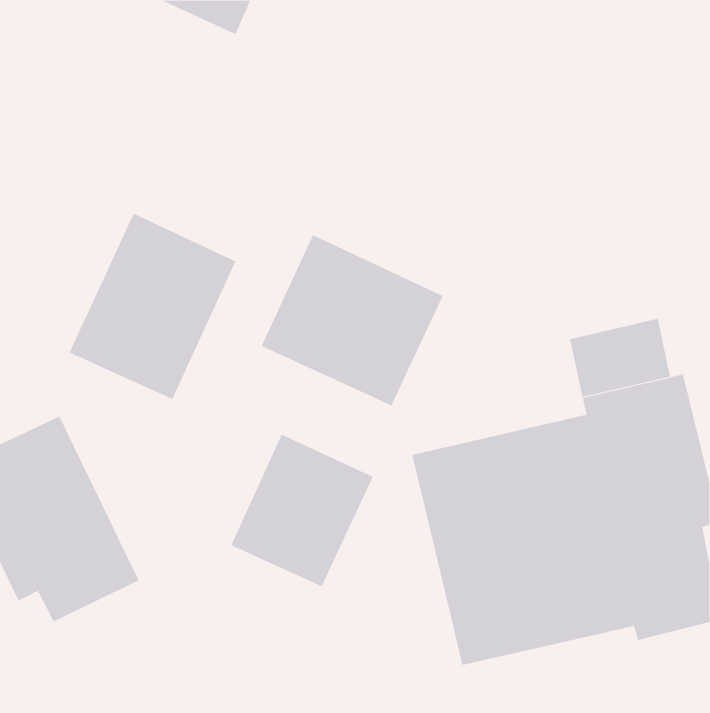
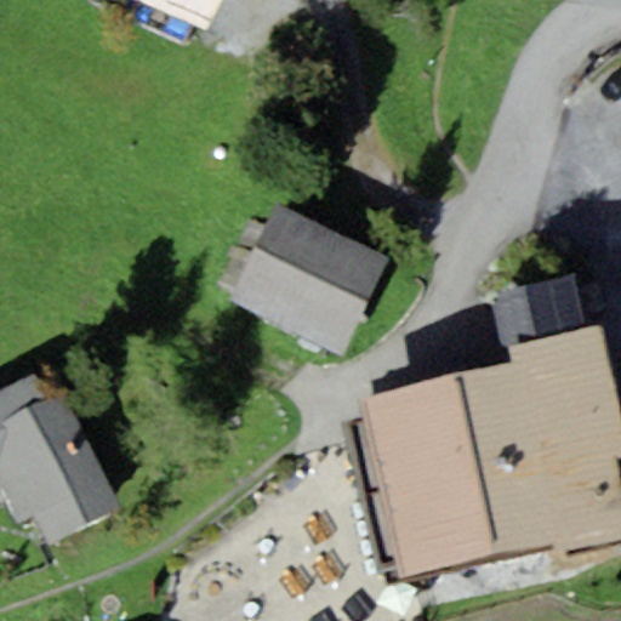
building: [69,213,236,400] -> none
building: [230,434,374,587] -> none

